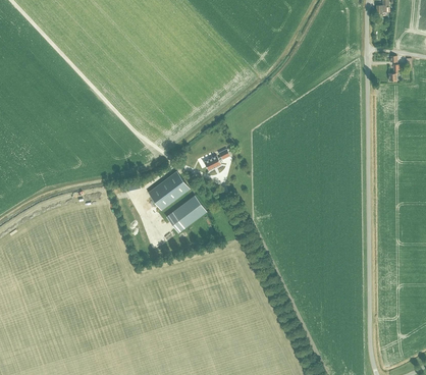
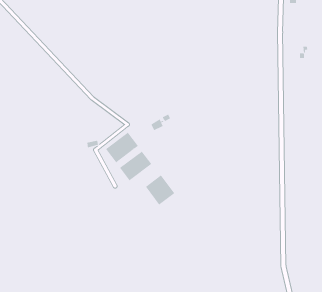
building: none -> [145,174,175,205]

